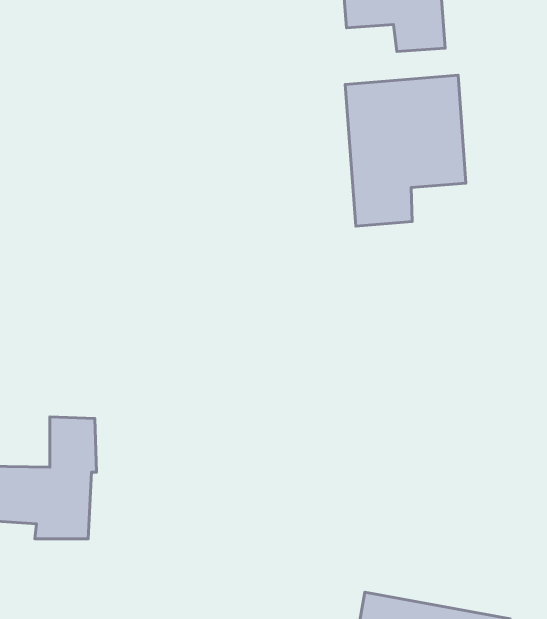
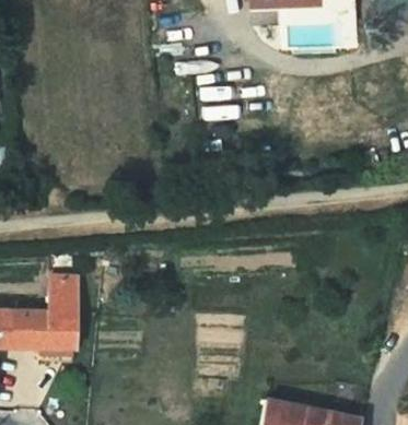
building: [345,75,466,226] -> none

